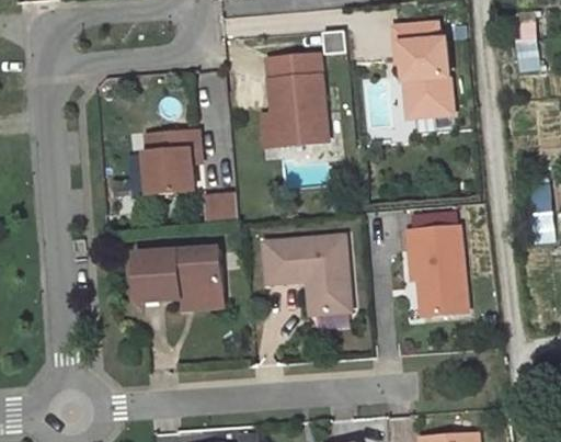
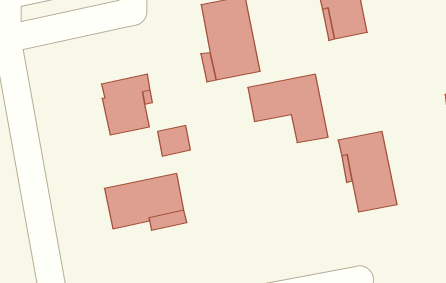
building: [264,236,350,311] -> [248,74,328,143]

